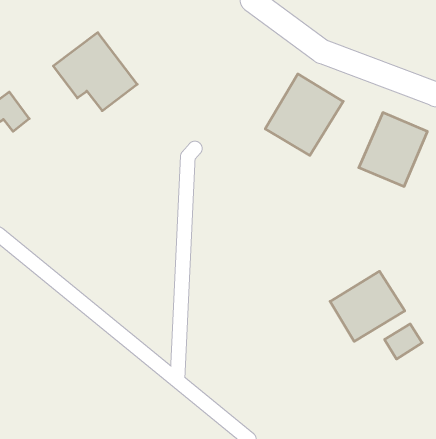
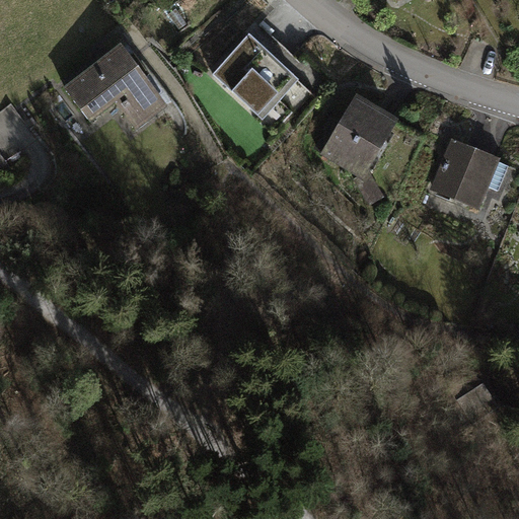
building: none -> [213,35,298,120]
building: [330,271,405,341] -> none

